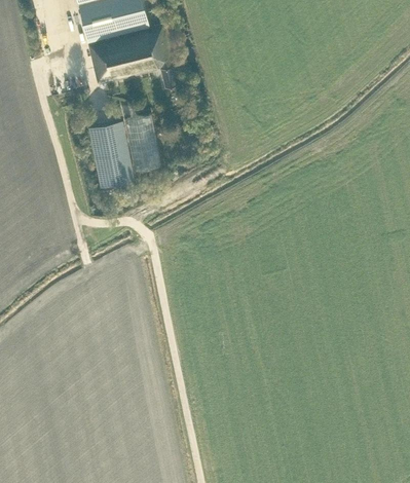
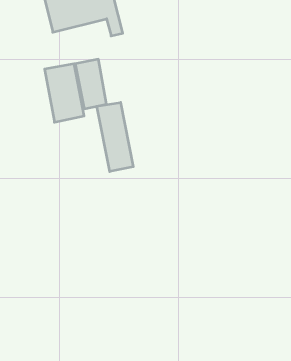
building: none -> [97,102,133,172]

